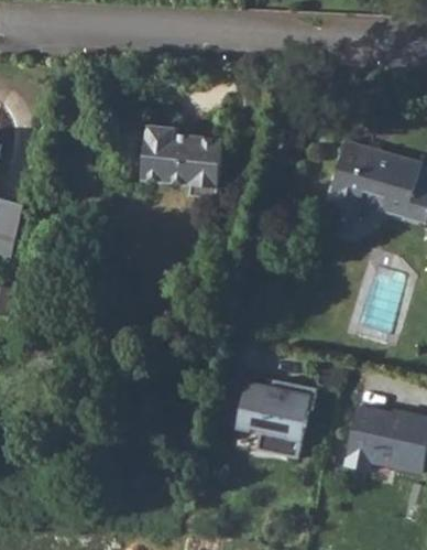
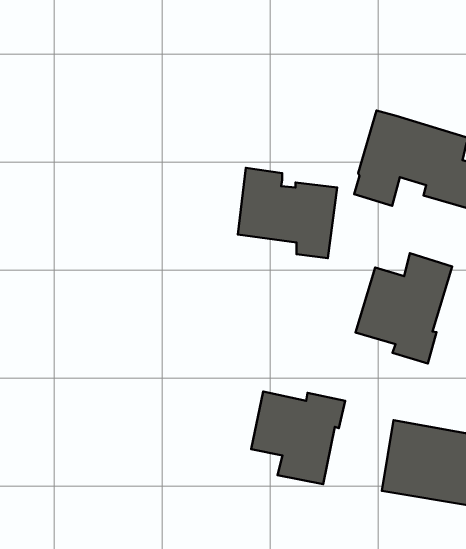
building: [139,121,222,197] -> [238,168,337,258]
building: none -> [355,253,452,364]

